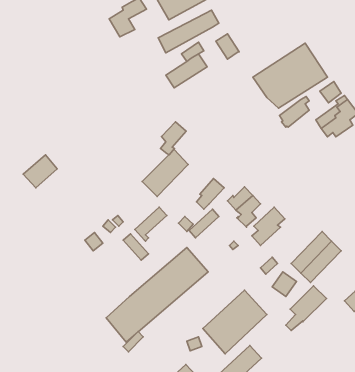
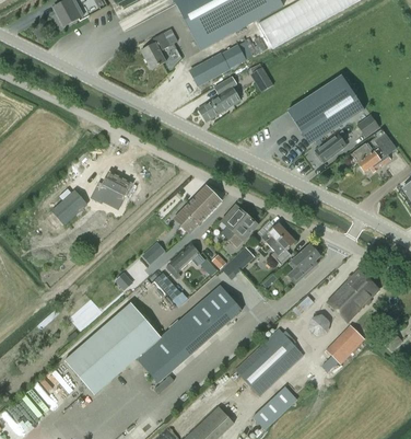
building: [161,122,186,155] -> [221,204,247,238]
building: none -> [89,169,132,206]
building: none -> [63,301,161,394]

